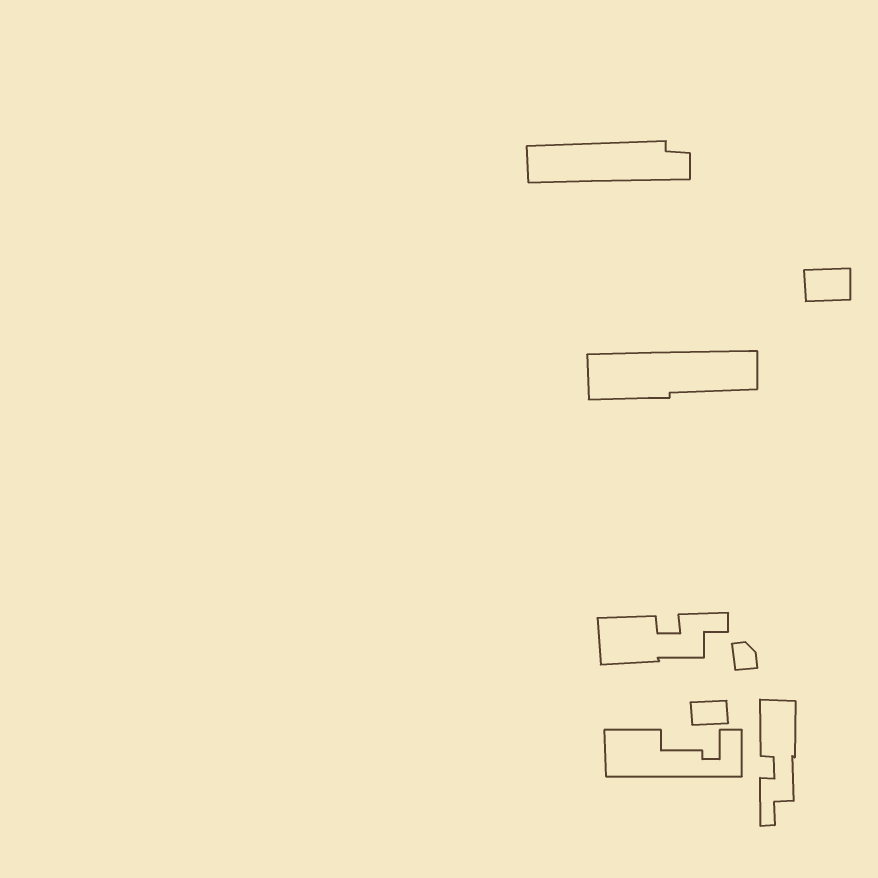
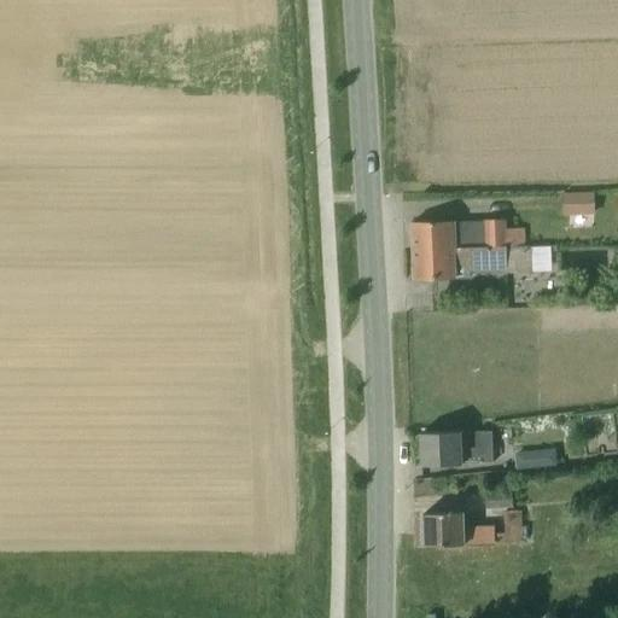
building: [527,141,690,182] -> [410,220,525,249]
building: [760,699,795,826] -> none

